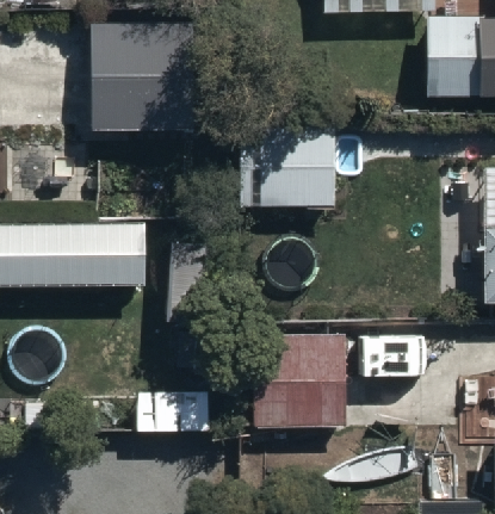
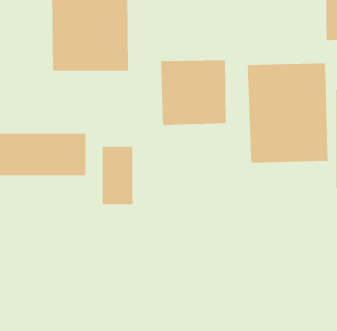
building: none -> [247,62,328,164]
building: [253,333,345,429] -> none

